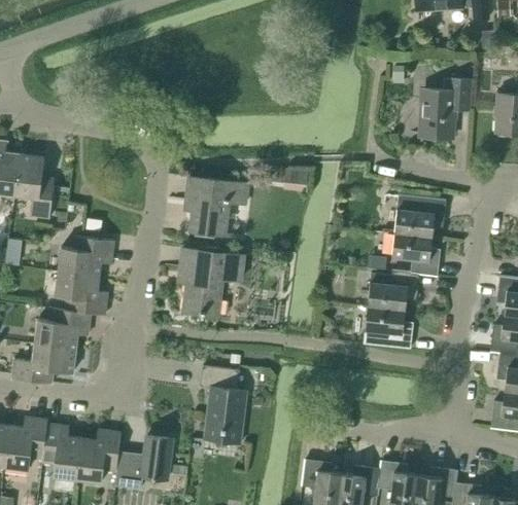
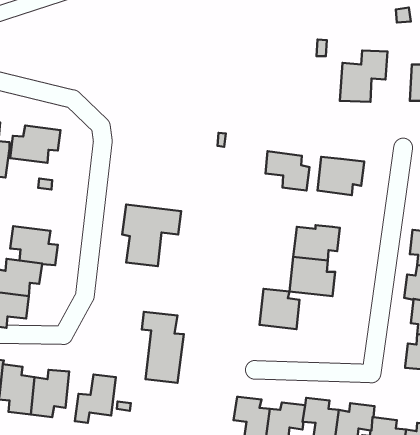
building: [186,177,248,240] -> none
building: [392,232,441,276] -> [266,151,309,190]
building: [59,236,114,277] -> [10,125,61,163]
building: none -> [260,289,300,329]

